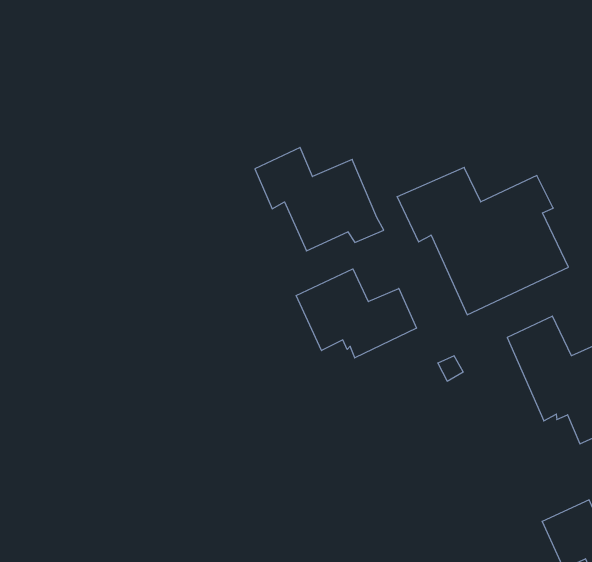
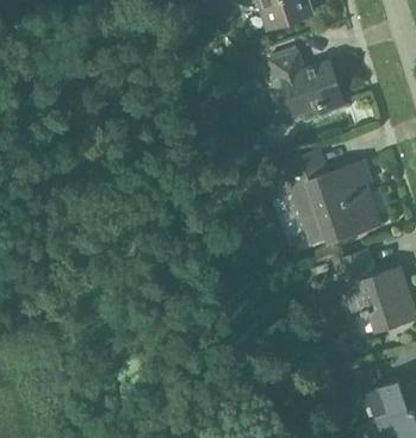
building: [255,147,384,251] -> [269,50,347,115]
building: [296,269,416,358] -> none

